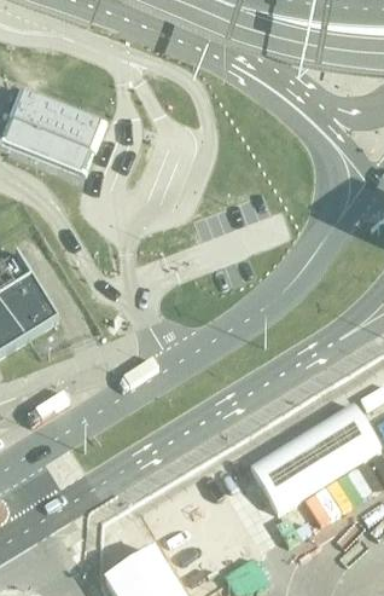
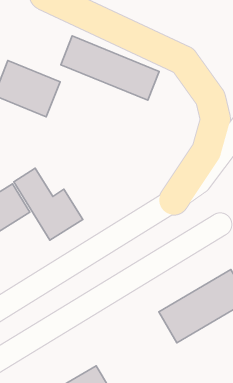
building: none -> [61,36,159,100]
building: none -> [14,168,83,240]

